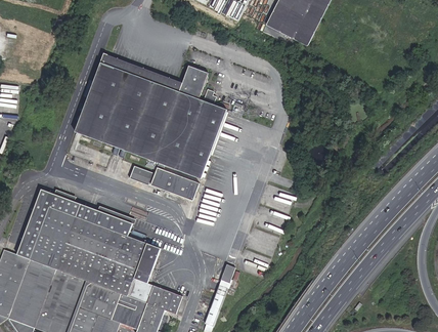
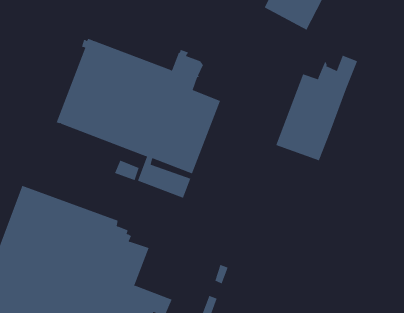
building: none -> [276,55,358,161]

